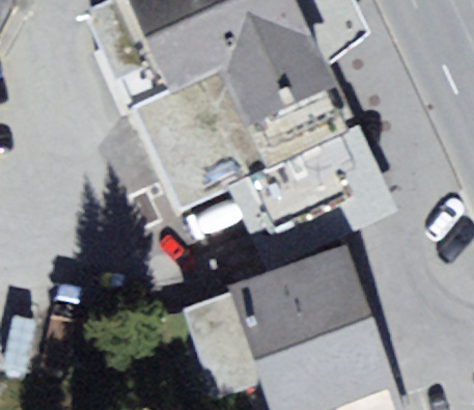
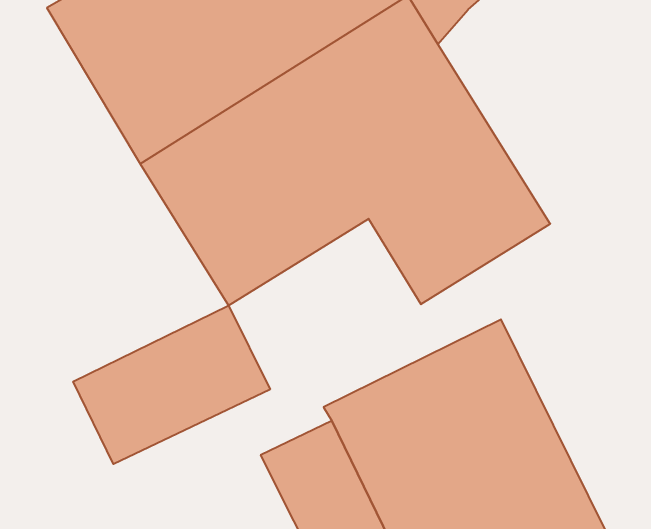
building: none -> [73,305,270,464]

